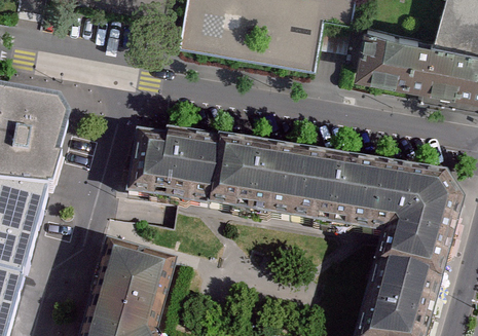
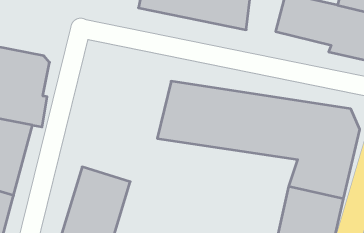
building: [125,118,221,204] -> none

